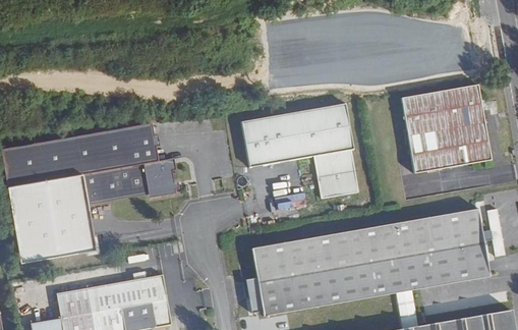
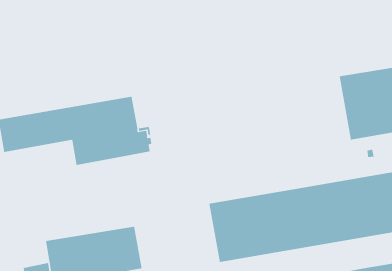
building: [241,104,357,198] -> none
building: [8,173,101,263] -> none

